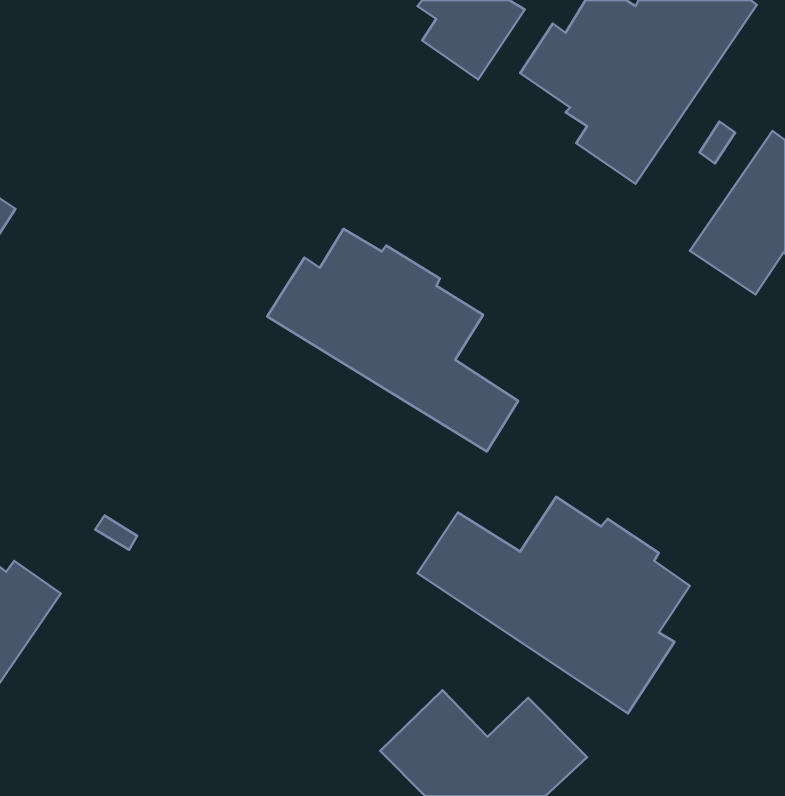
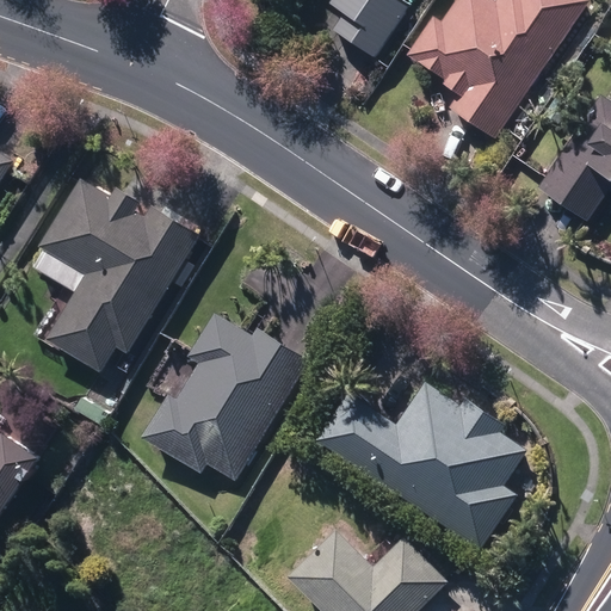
building: [267,229,518,451] -> none
building: none -> [42,180,198,372]
building: none -> [144,313,309,480]

